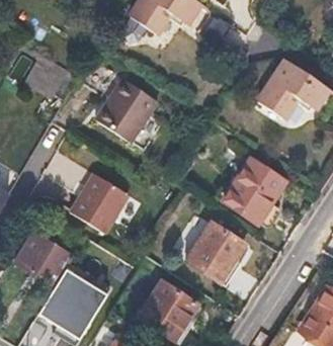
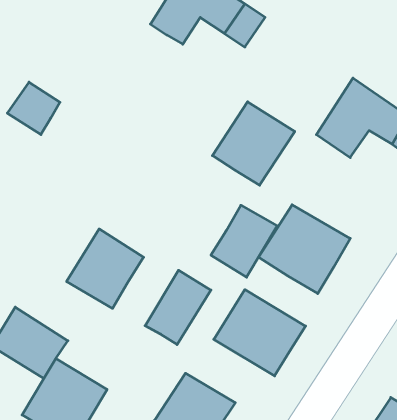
building: [97,79,159,142] -> [212,102,295,185]
building: none -> [211,205,277,277]
building: none -> [145,270,211,345]

